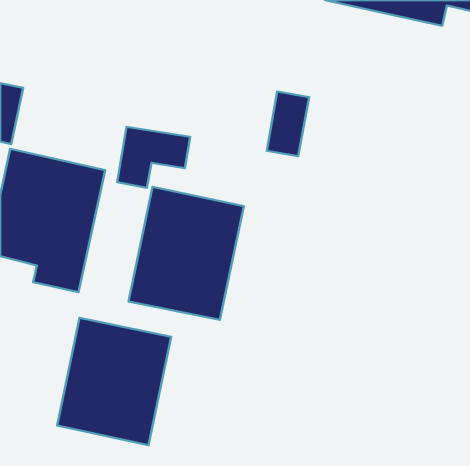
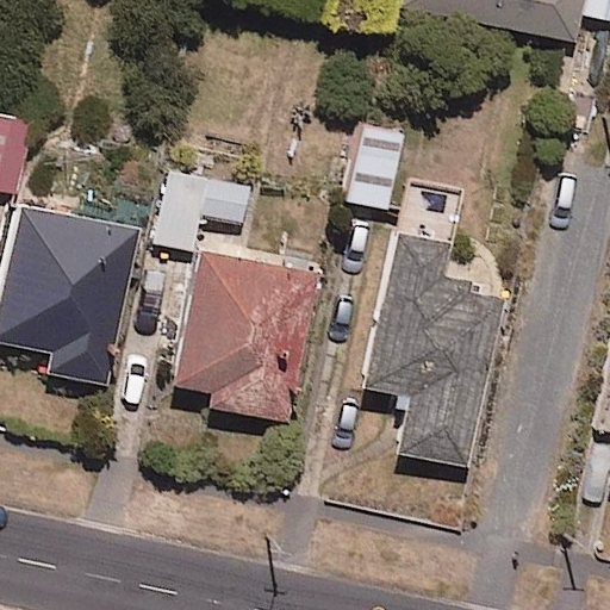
building: none -> [362,231,500,466]
building: [57,318,171,445] -> none

